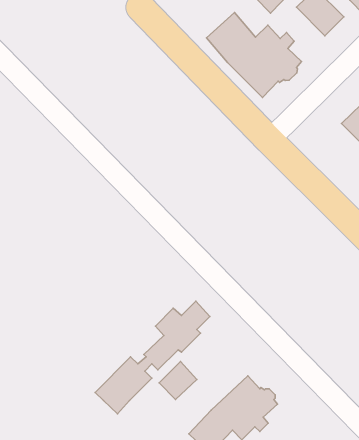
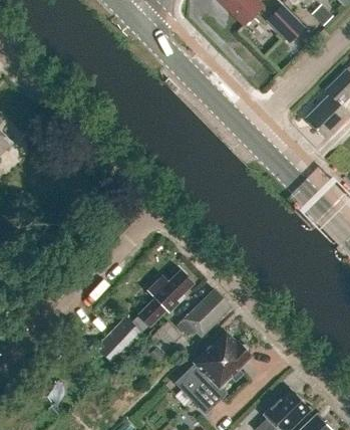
building: [206,13,301,98] -> none
building: none -> [177,289,231,338]

